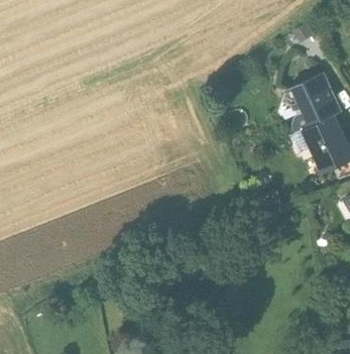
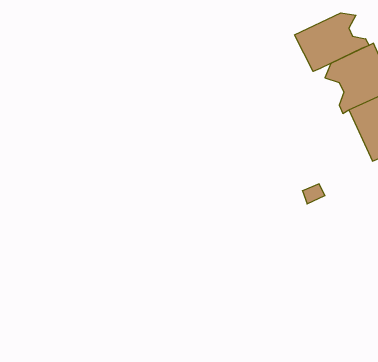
building: none -> [295,13,369,71]

